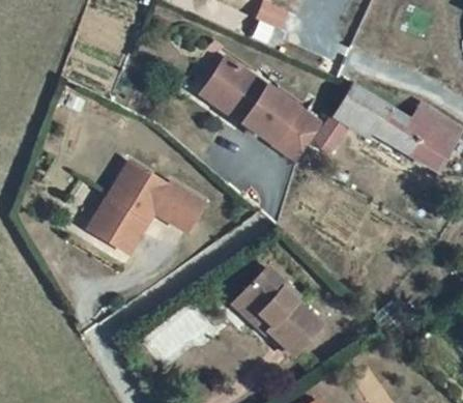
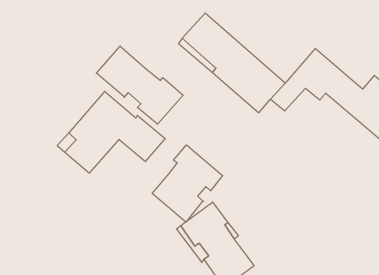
building: none -> [96,46,183,124]
building: none -> [152,145,223,222]

